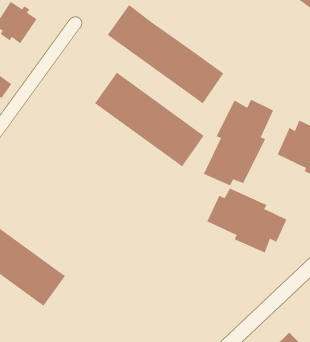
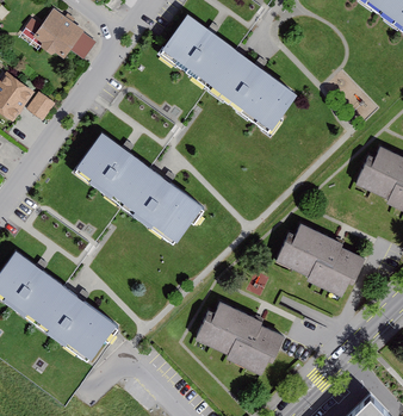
building: [94,72,205,167] -> [76,132,202,241]
building: [203,99,274,186] -> none
building: none -> [196,303,286,377]

